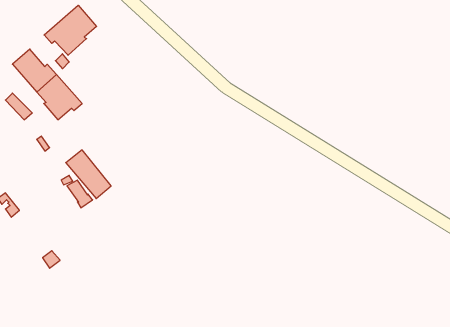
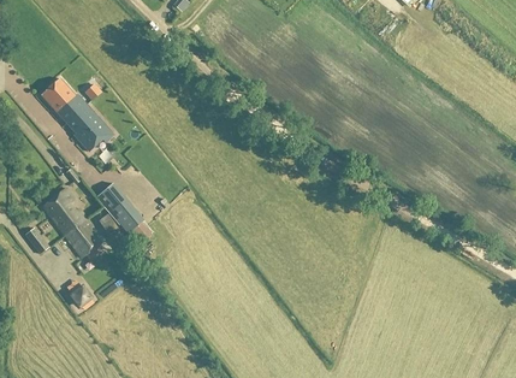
building: [44,5,97,55] -> none
building: none -> [41,188,102,260]

